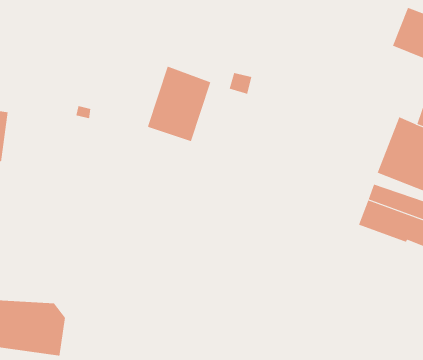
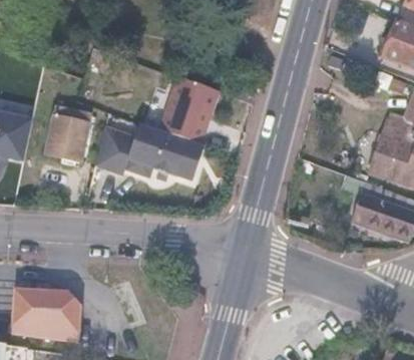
building: none -> [48,116,87,159]
building: none -> [97,124,197,181]

